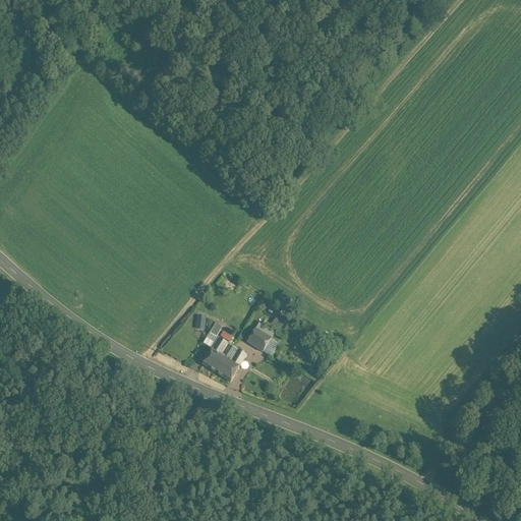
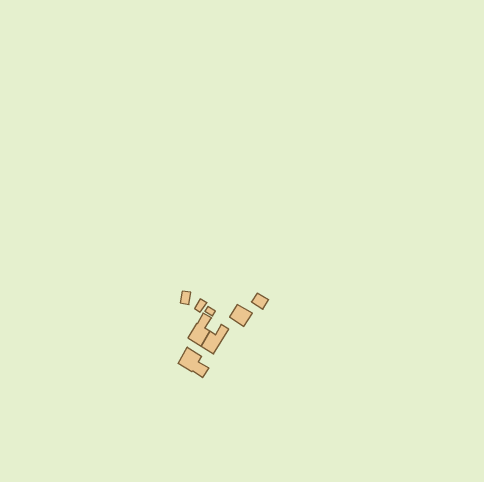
building: none -> [178,347,209,378]

